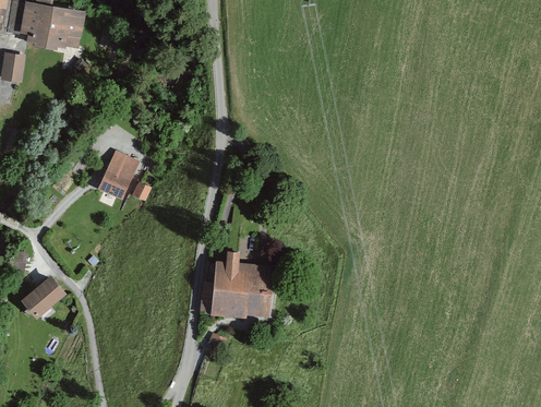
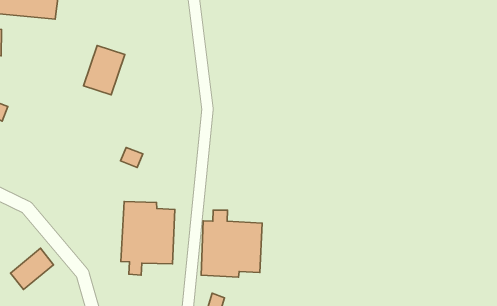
building: [99,148,143,199] -> [83,46,125,95]
building: none -> [121,201,175,275]

